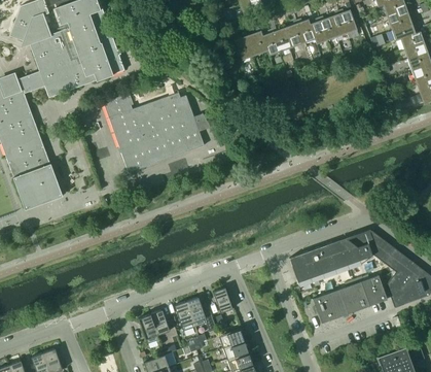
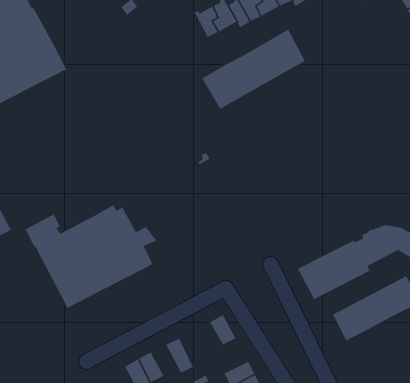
building: none -> [201,28,306,110]
building: [103,92,210,172] -> [25,204,158,309]
building: [186,297,216,331] -> none

